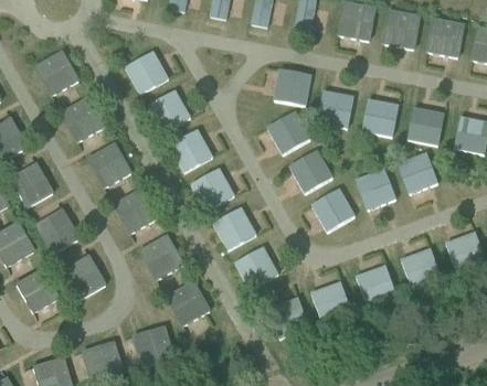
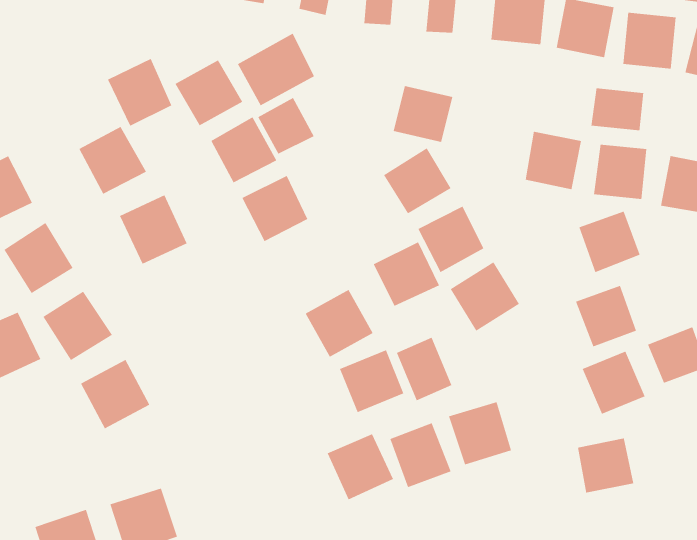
building: none -> [237,33,315,106]
building: [34,49,78,95] -> [107,58,172,127]
building: none -> [591,87,644,131]
building: none -> [257,97,314,154]
building: [317,89,354,128] -> none
building: [191,167,236,211] -> [373,241,440,307]
building: [356,168,398,210] -> [575,285,637,347]
building: [110,186,158,235] -> none
building: [138,233,186,280] -> none
building: none -> [396,337,452,401]
building: [13,265,61,312] -> none
building: [357,266,395,303] -> [577,438,634,493]
building: [166,280,211,325] -> [327,433,394,500]
building: [131,324,177,368] -> none

